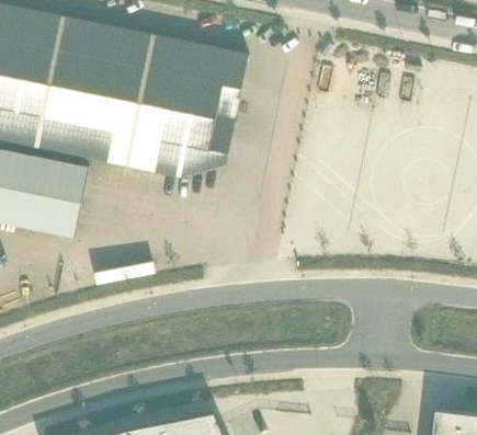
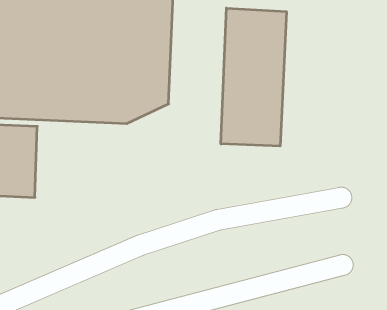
building: none -> [221,8,286,146]

